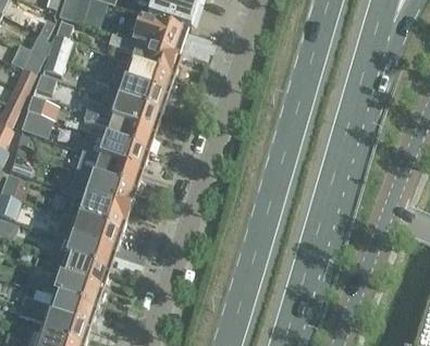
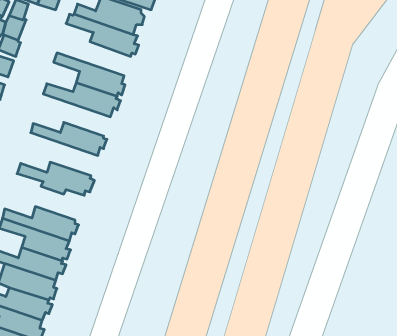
building: [99,60,173,92] -> none
building: [84,110,152,150] -> none
building: [71,147,139,188] -> none
building: [57,190,125,231] -> none

